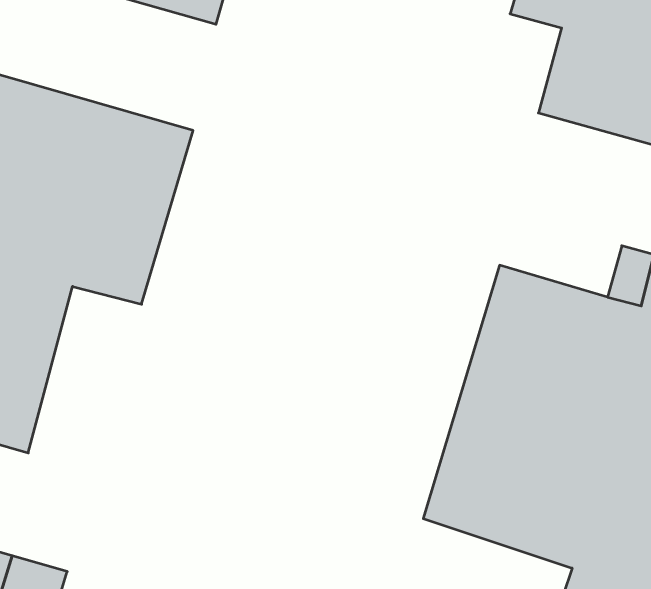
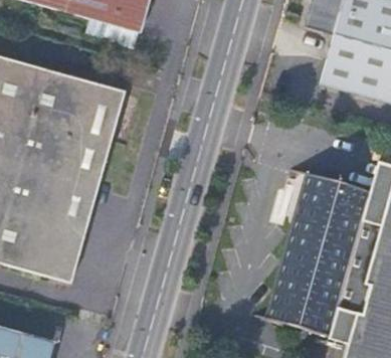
building: none -> [35,181,100,286]

